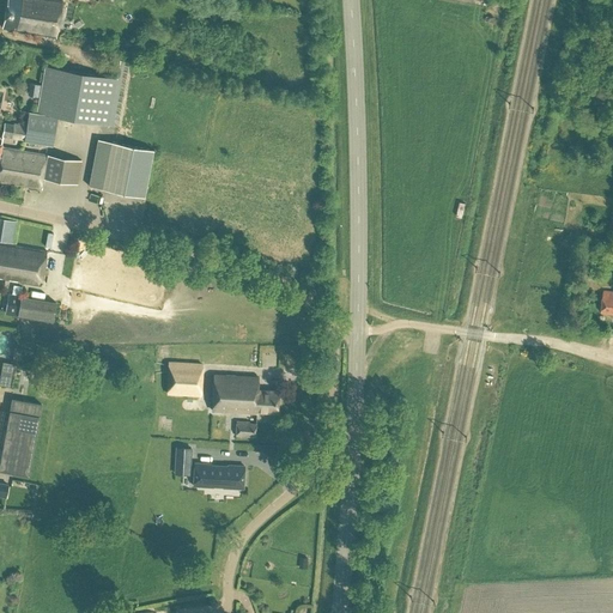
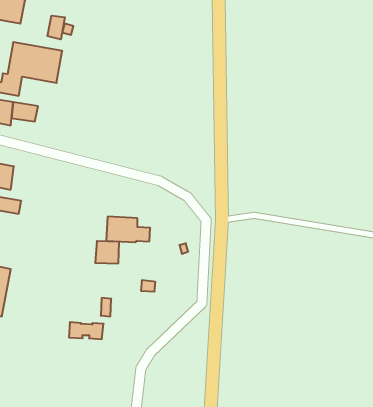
building: none -> [47,16,65,39]
building: [89,139,153,198] -> none
building: [212,375,278,413] -> [106,217,150,242]
building: [193,463,244,488] -> [69,322,104,339]

